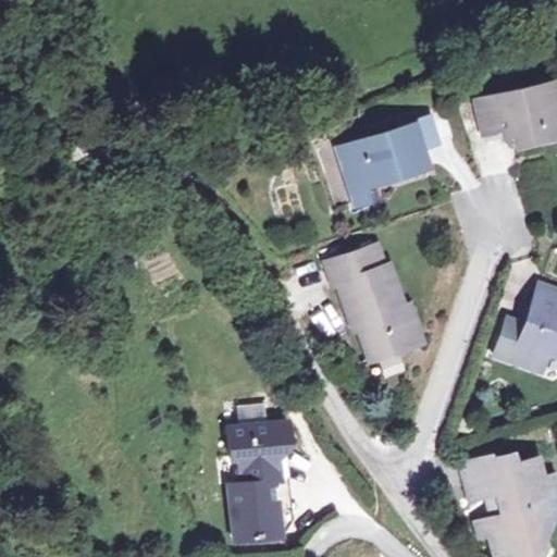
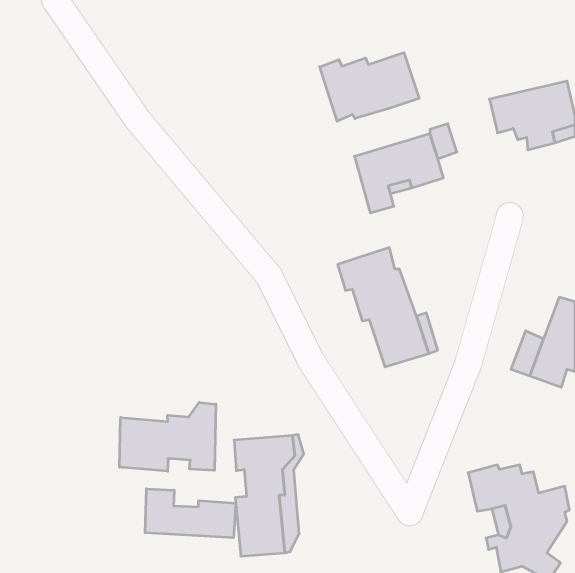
building: none -> [320,53,419,121]
building: none -> [120,402,216,471]
building: none -> [145,489,236,538]

